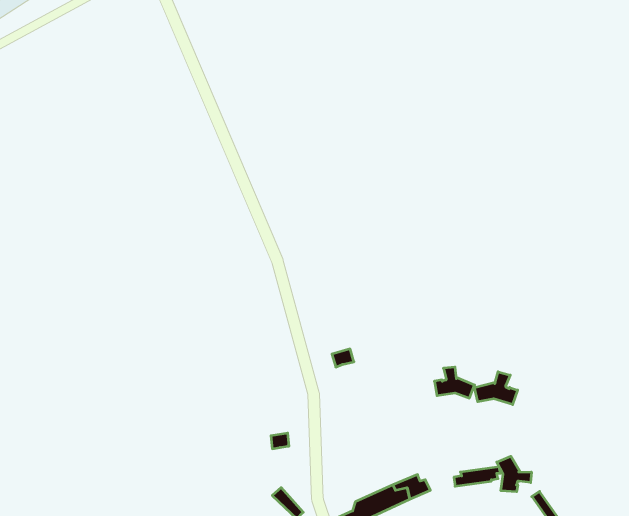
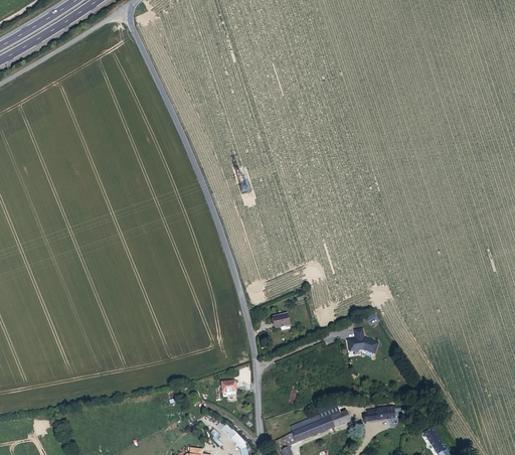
building: [474,372,518,405] -> none
building: [497,456,531,492] -> none

